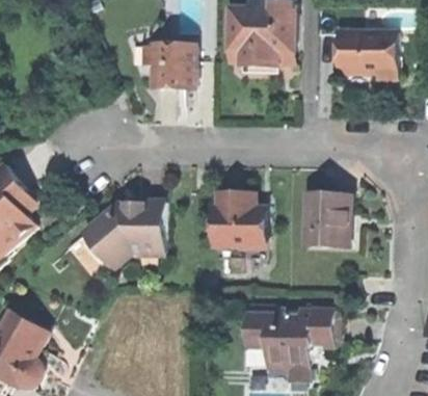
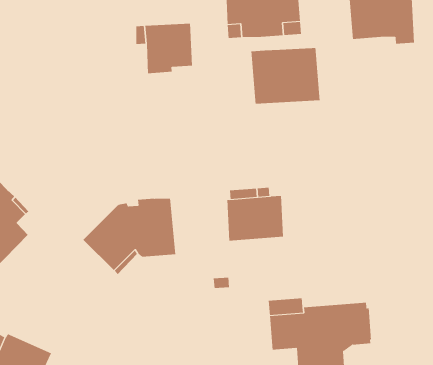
building: none -> [251,47,320,104]
building: [304,192,351,246] -> none

